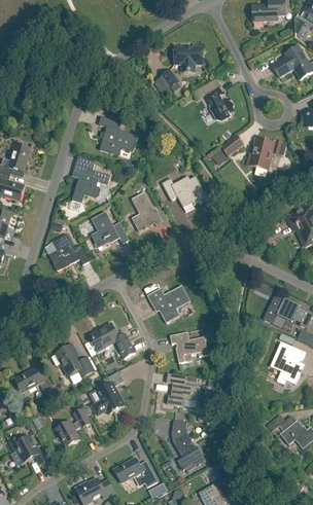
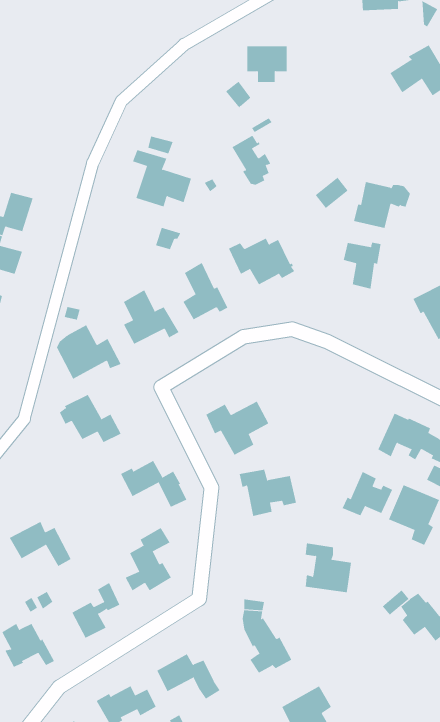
building: [205,86,232,120] -> [232,135,271,185]
building: [71,157,111,211] -> none
building: none -> [343,242,381,289]
building: none -> [342,471,393,516]
building: [53,345,95,377] -> [59,394,122,443]
building: [167,373,199,407] -> [305,543,352,593]

